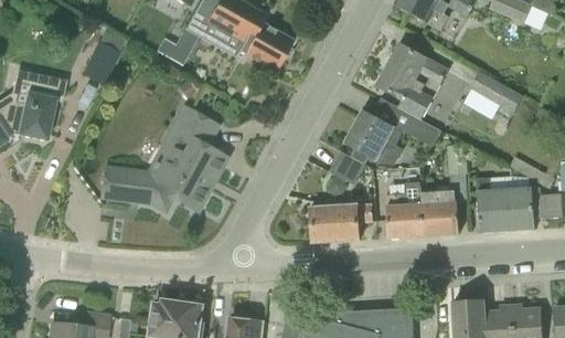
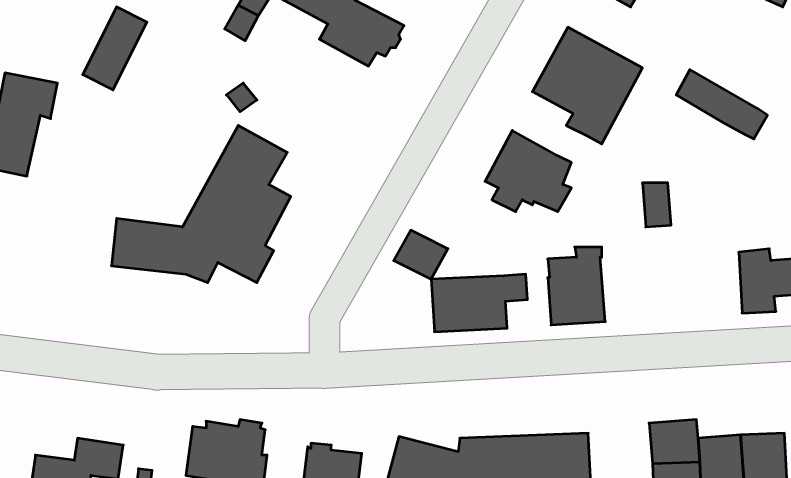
building: [403,114,440,146] -> none
building: [330,151,365,183] -> [394,230,448,279]
building: [476,177,513,232] -> none
building: [420,191,459,235] -> none

